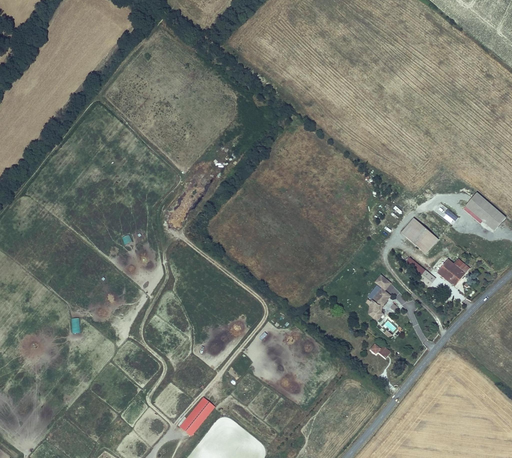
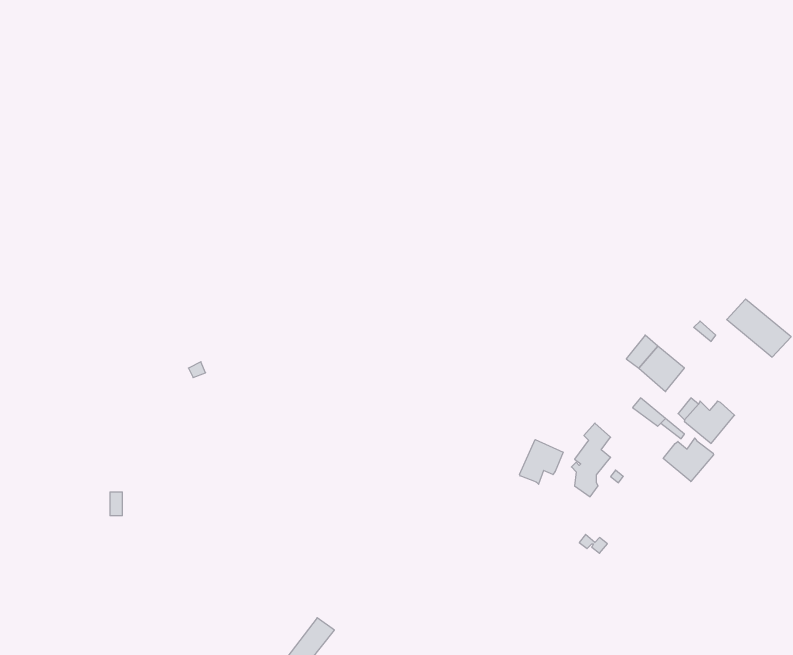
building: none -> [663,438,713,482]
building: none -> [520,440,563,484]

